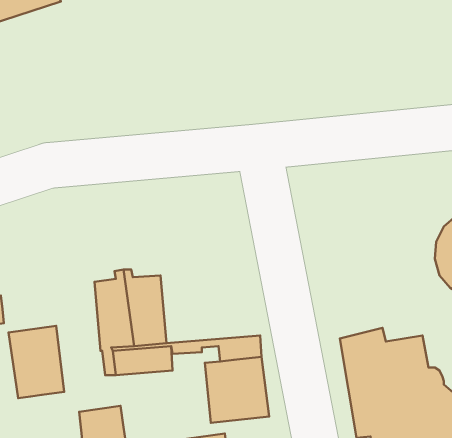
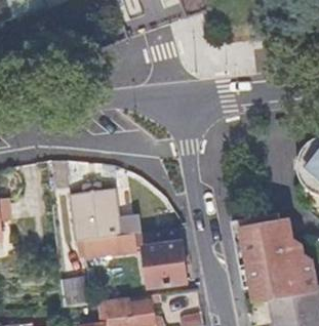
building: [9,326,64,398] -> none

